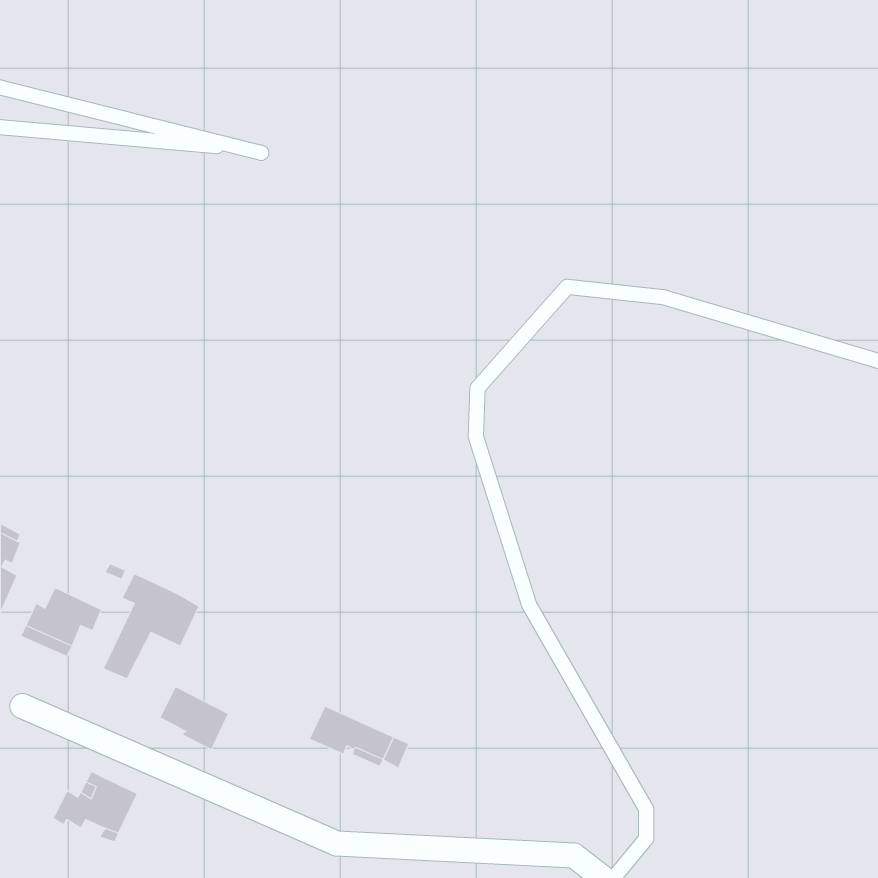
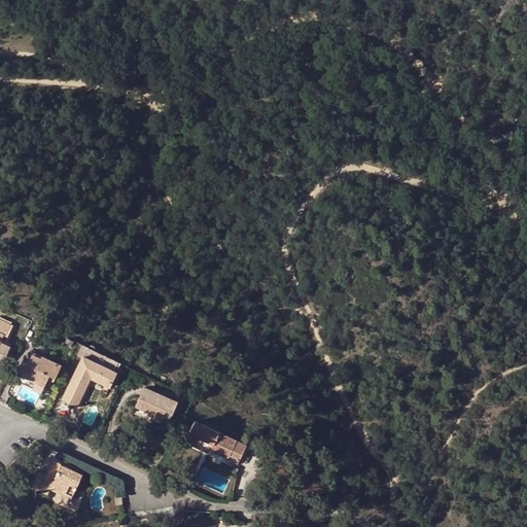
building: [160,686,229,750] -> [136,389,177,427]

